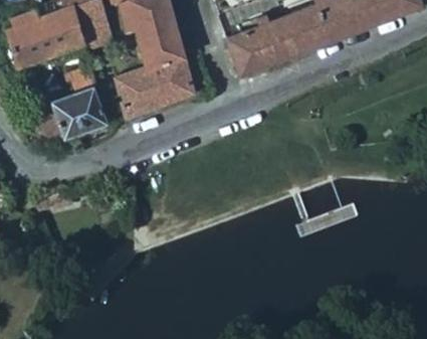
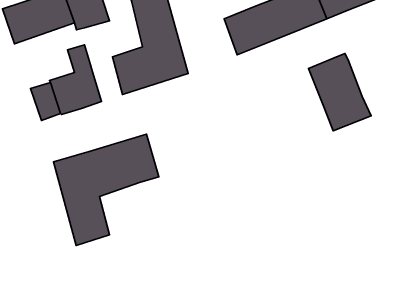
building: none -> [309,53,371,131]
building: none -> [54,134,159,245]

